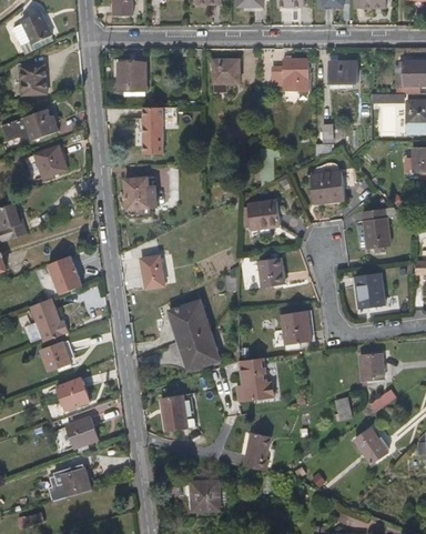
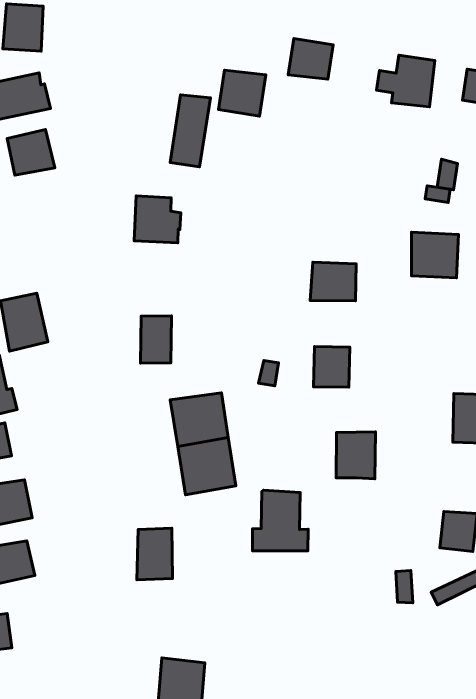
building: [118,62,145,90] -> [218,70,266,116]
building: [354,427,387,464] -> none
building: [242,432,271,471] -> none

